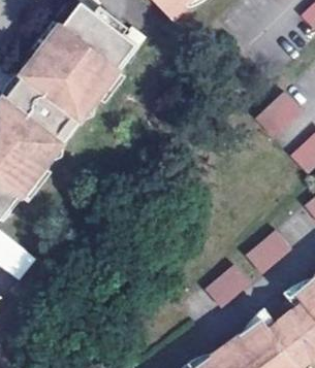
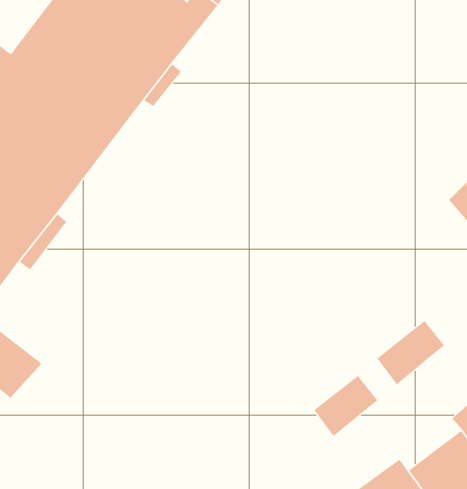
building: [253,91,295,133] -> none

